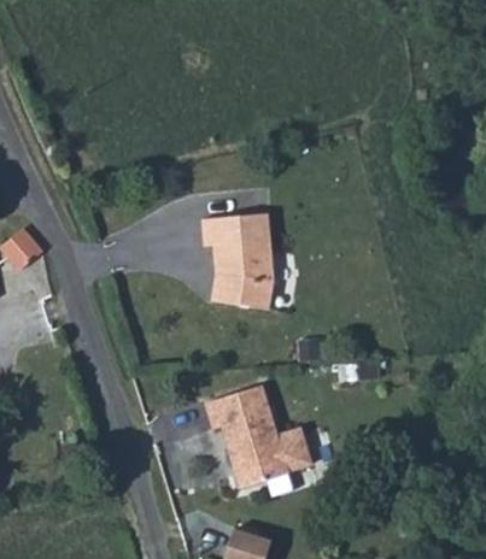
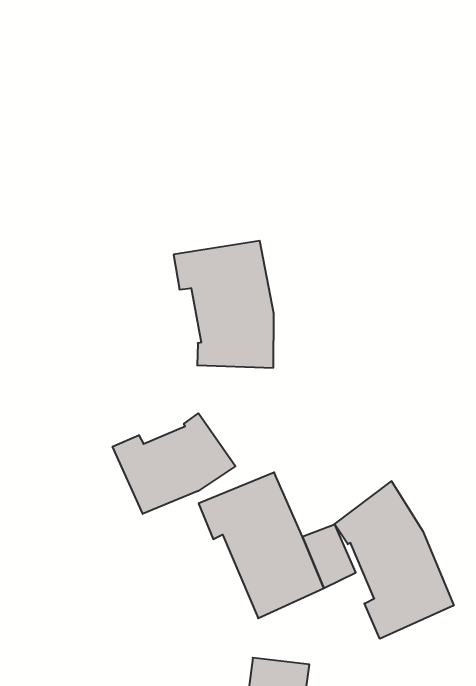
building: none -> [113,413,235,514]
building: none -> [335,481,454,639]

